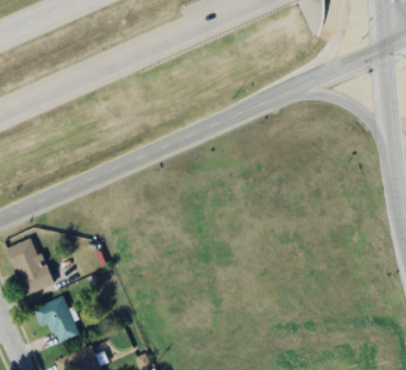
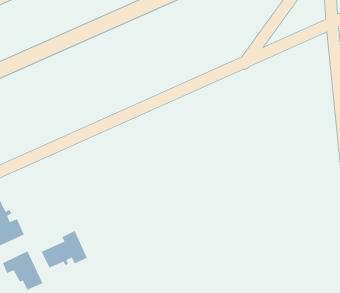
building: none -> [41,230,88,268]

